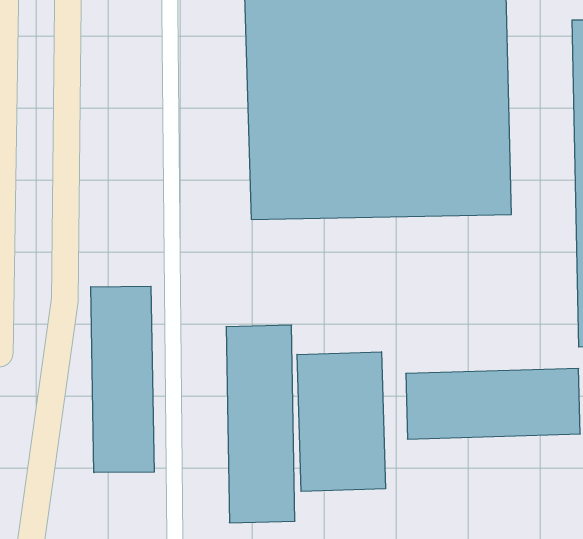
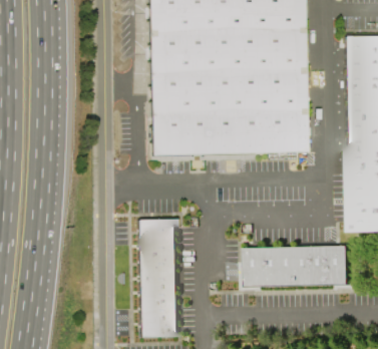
building: [91,286,154,473] -> none
building: [297,352,385,491] -> none

